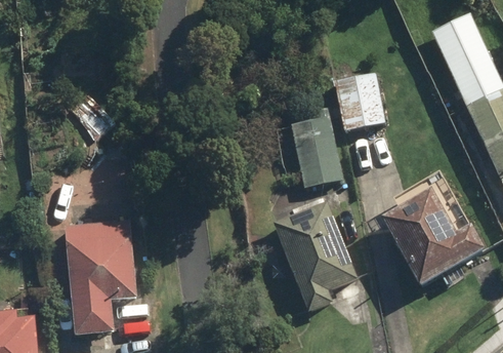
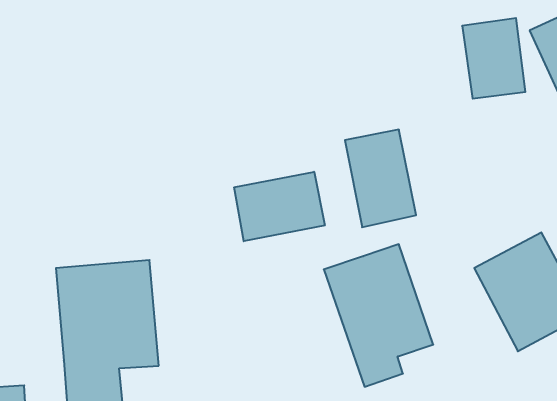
building: [334,67,383,129] -> [462,18,525,99]
building: none -> [234,172,325,241]

